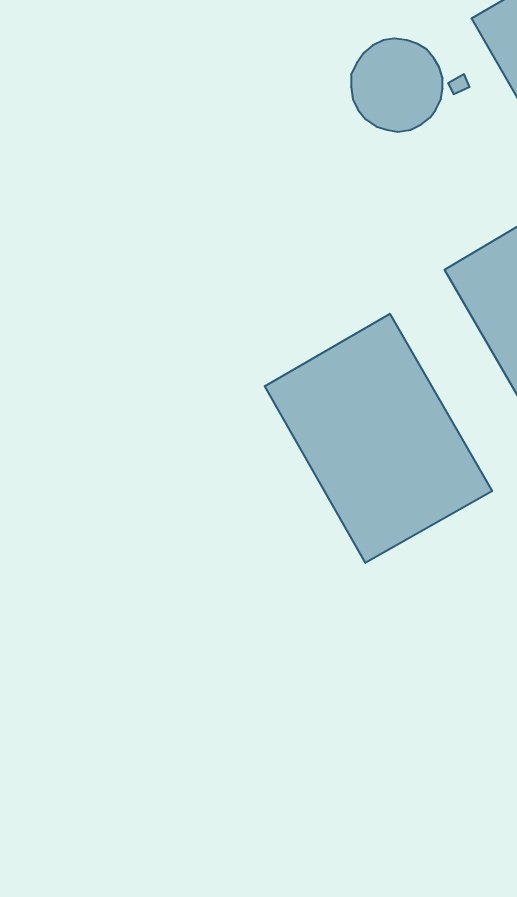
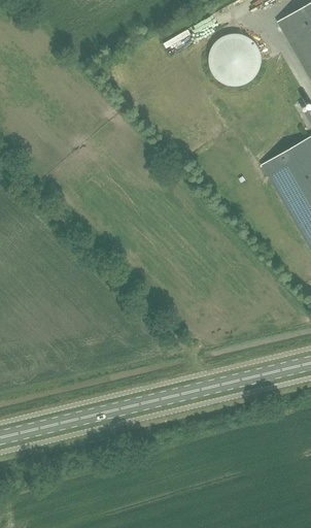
building: [265,314,492,563] -> none

